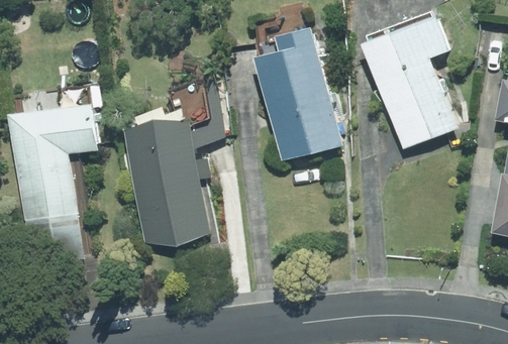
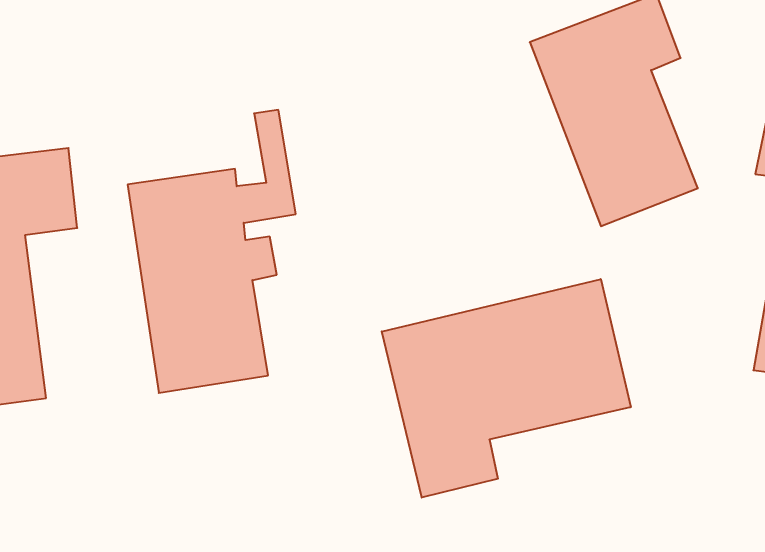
building: [255,26,342,162] -> none
building: none -> [382,279,631,498]

